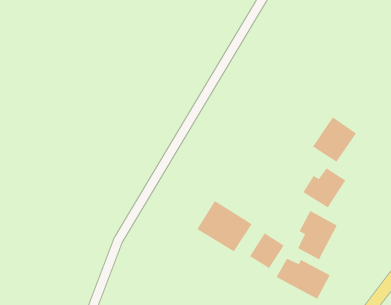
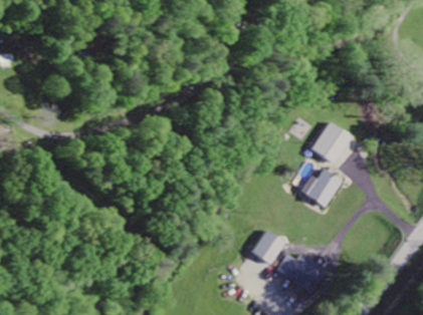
building: [197,200,253,252] -> none
building: [298,210,337,260] -> none

